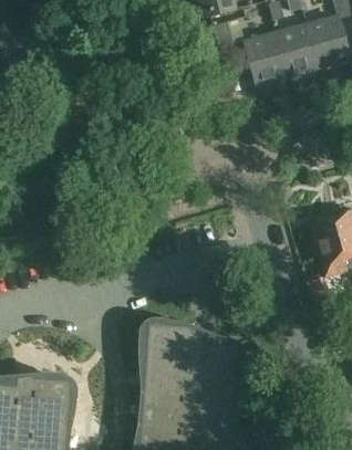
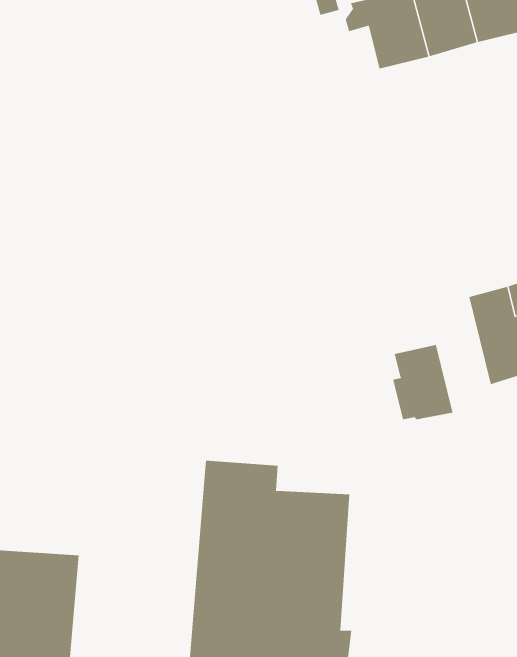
building: none -> [393,344,453,420]

